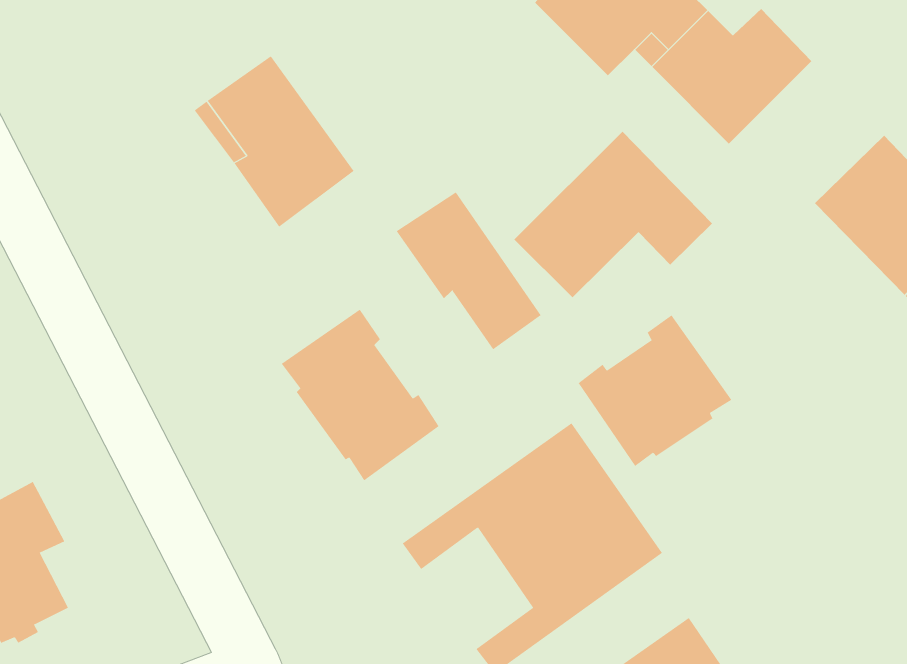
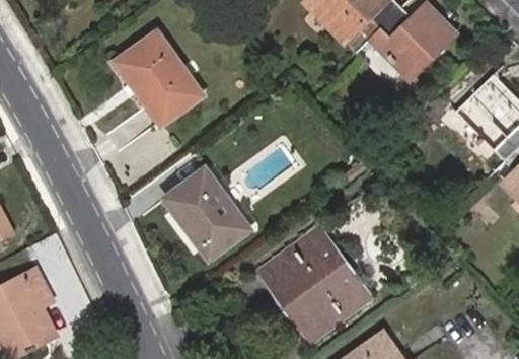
building: [514,131,713,298] -> none
building: [396,192,542,350] -> none
building: [578,315,732,467] -> none

